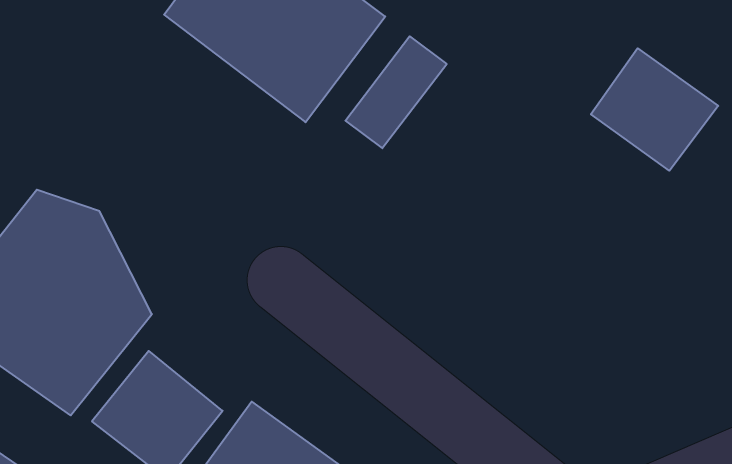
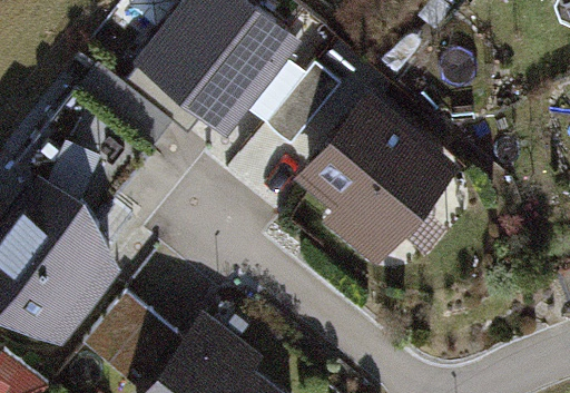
building: [591,48,718,171] -> none
building: none -> [312,102,454,272]

